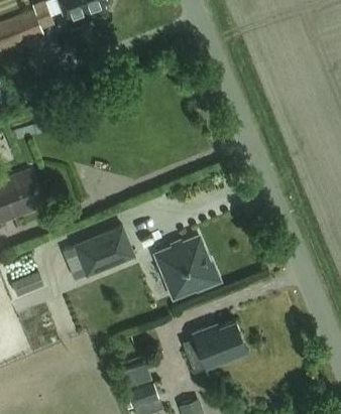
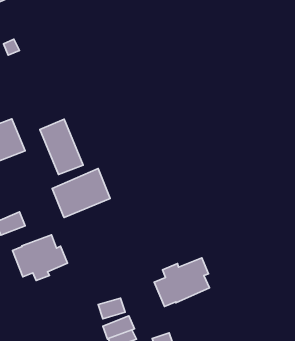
building: none -> [40,119,83,175]
building: [154,236,218,296] -> none
building: none -> [13,235,67,280]

